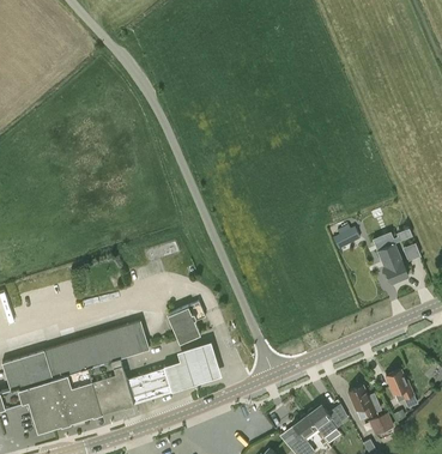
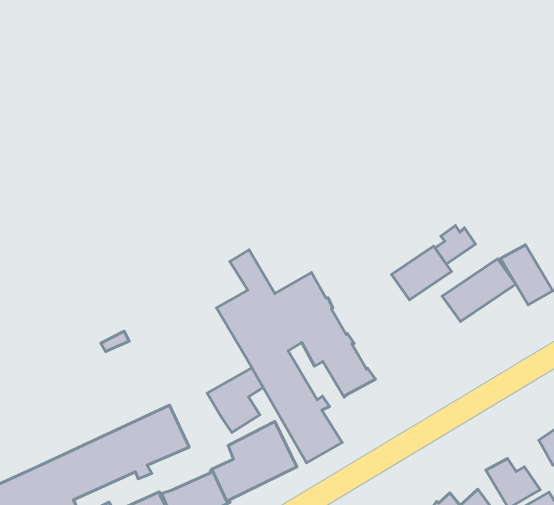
building: none -> [217,250,375,463]
building: none -> [392,246,452,300]
building: none -> [442,259,516,321]

